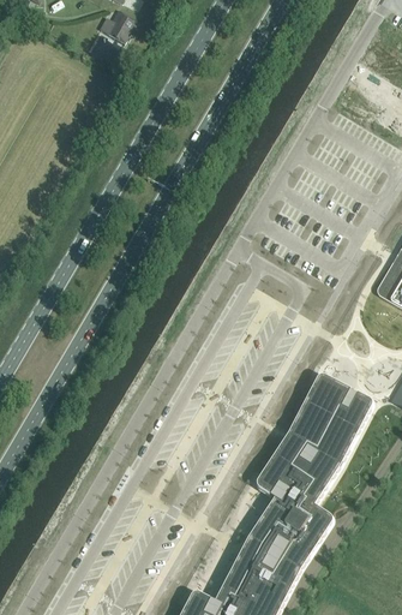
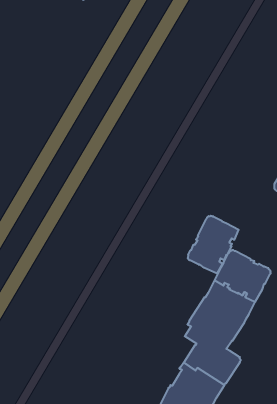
building: none -> [188,216,239,273]

